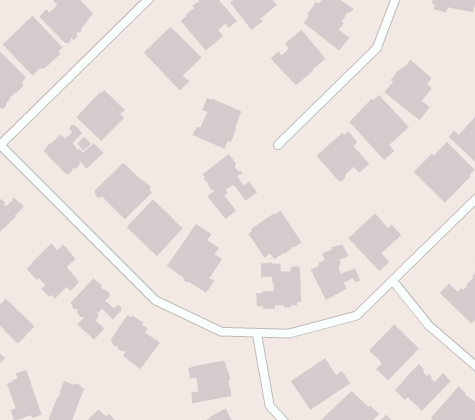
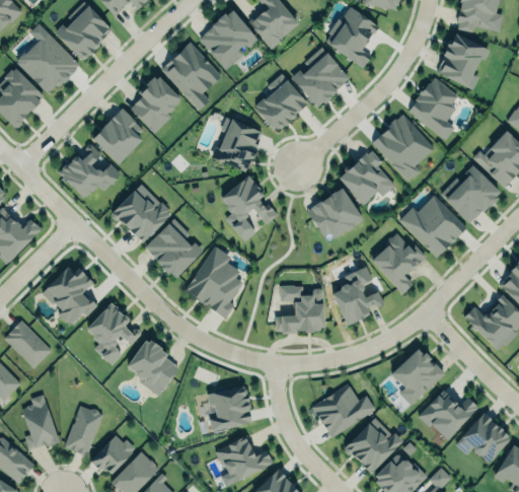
building: none -> [436,34,490,90]
building: none -> [255,73,308,129]
building: none -> [130,75,183,133]
building: none -> [398,196,465,257]
building: [247,210,302,261] -> [306,187,362,238]

